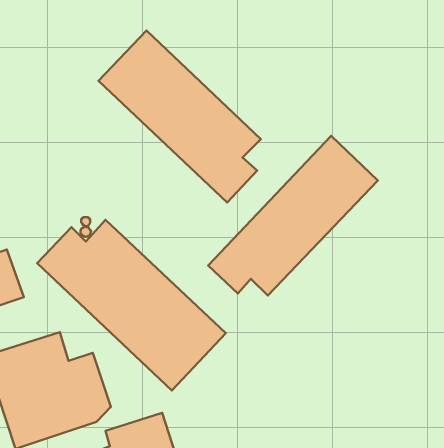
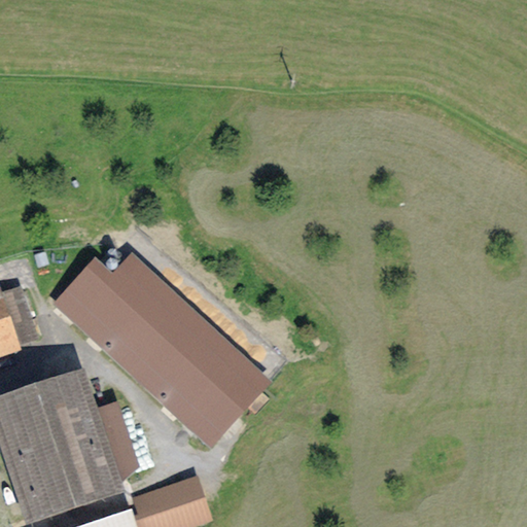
building: [99,31,261,202] -> none
building: [208,136,378,296] -> none

